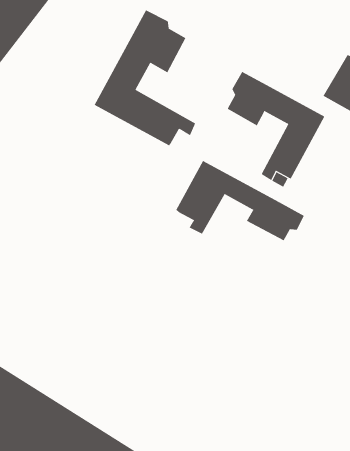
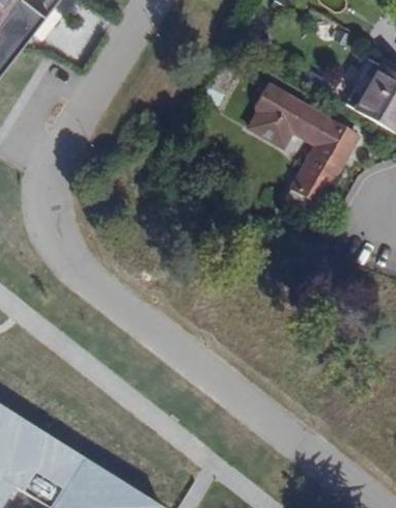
building: [94,9,196,146] -> none
building: [175,160,305,241] -> none

